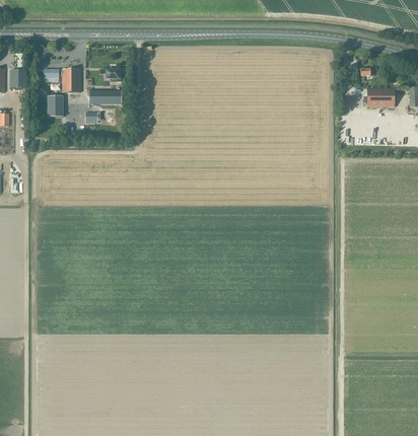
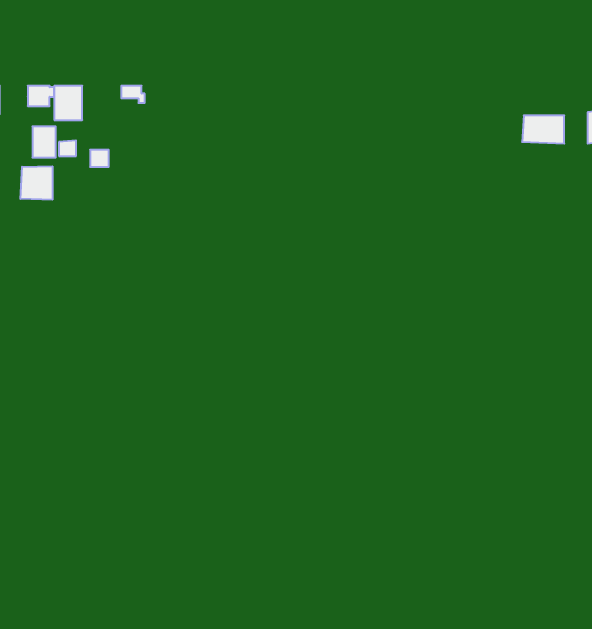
building: [89,89,122,103] -> none
building: none -> [20,166,52,200]

